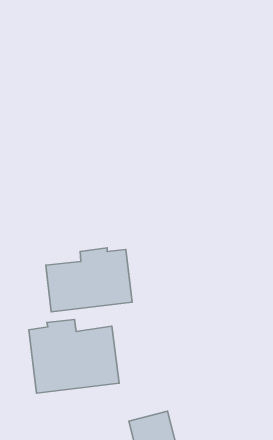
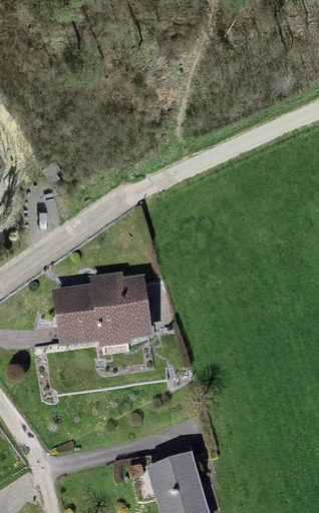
building: [29,320,119,393] -> none

